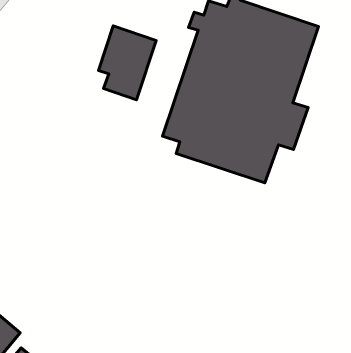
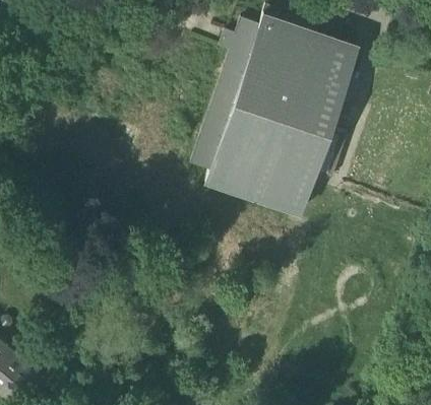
building: [99,26,156,100] -> none

